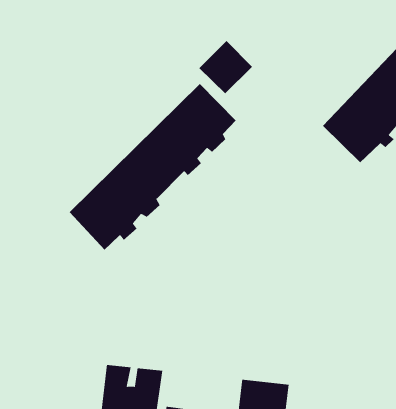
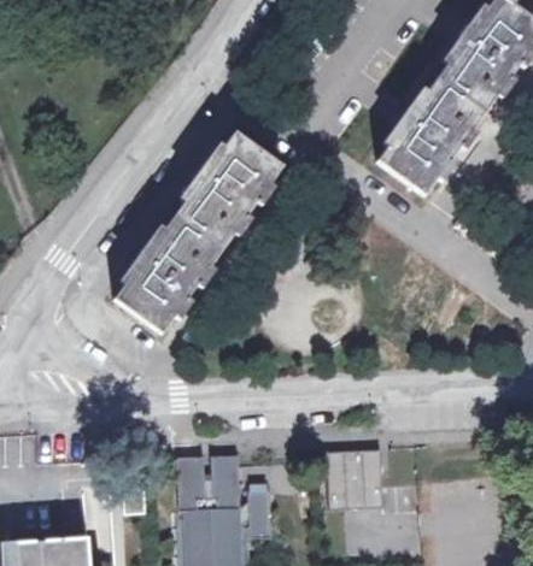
building: [198,40,253,94] -> none

